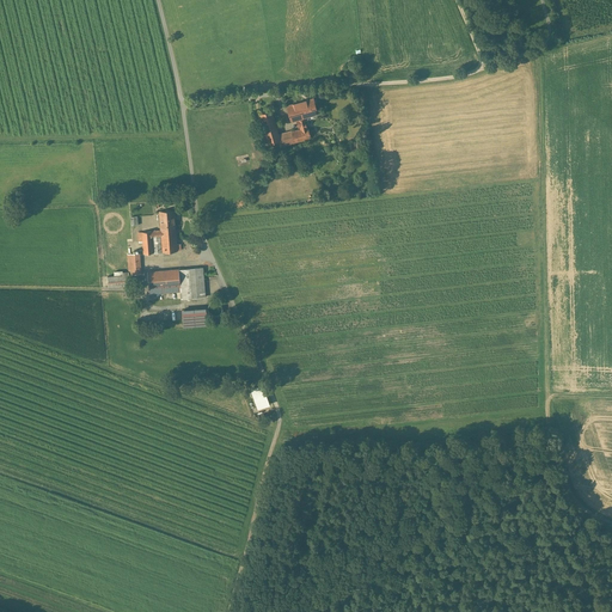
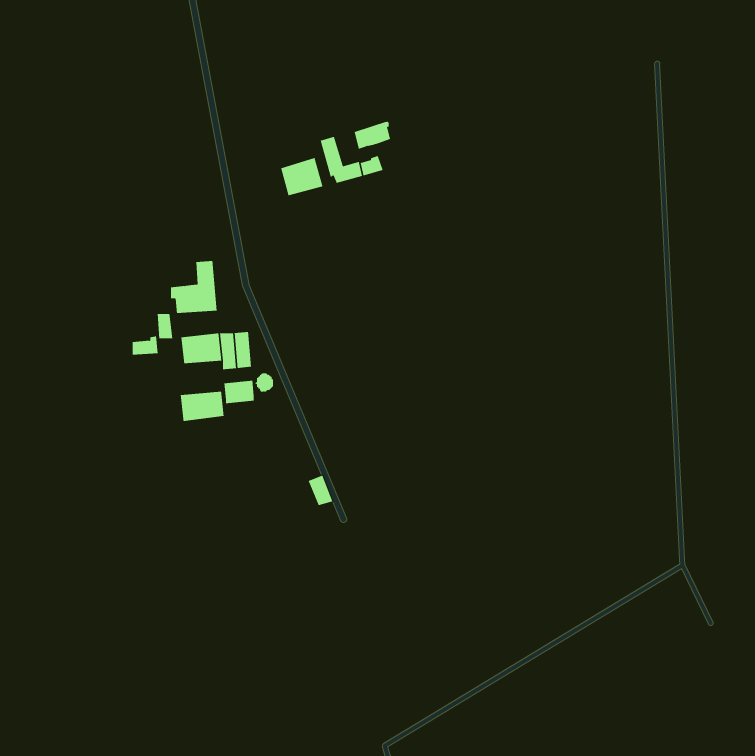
building: none -> [280,157,323,196]
building: none -> [180,391,224,422]

